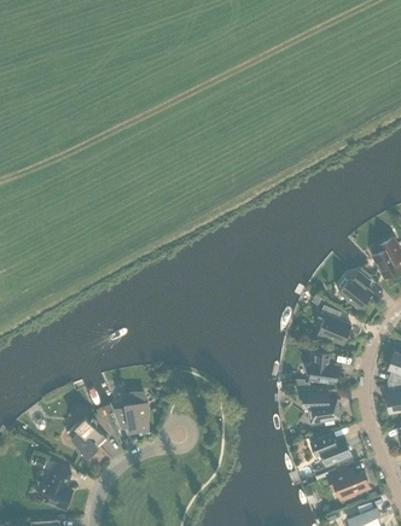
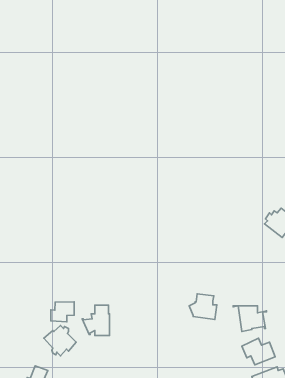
building: [318,304,350,343] -> none
building: [304,351,338,382] -> [189,294,217,319]
building: none -> [51,302,74,322]

